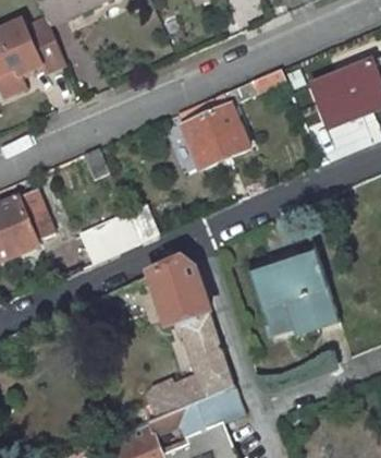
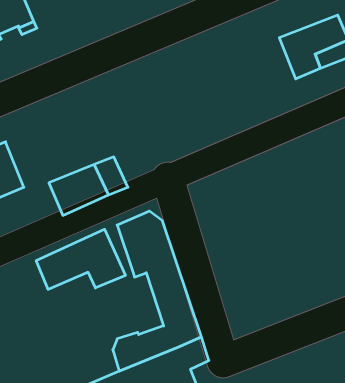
building: [179,69,286,169] -> none
building: [250,250,336,328] -> none
building: none -> [36,229,125,289]

